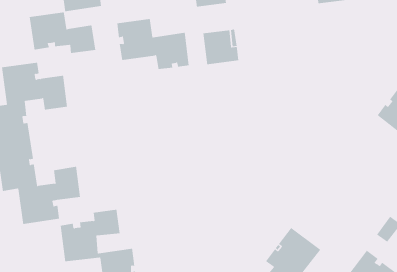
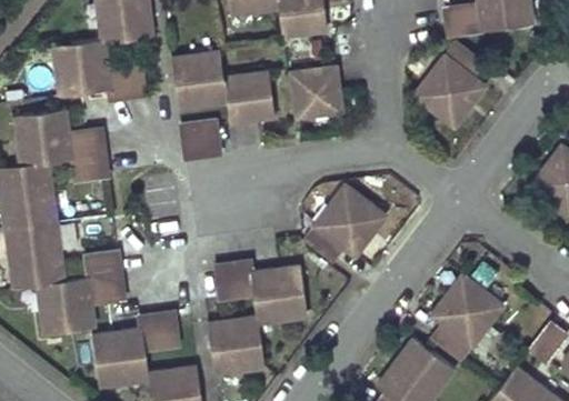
building: none -> [413,42,486,126]
building: none -> [182,121,220,158]
building: none -> [306,184,386,260]
building: none -> [211,260,306,372]
building: none -> [430,272,503,359]

